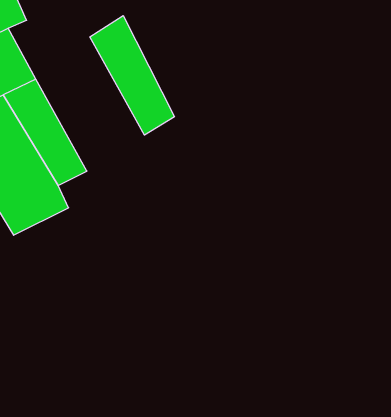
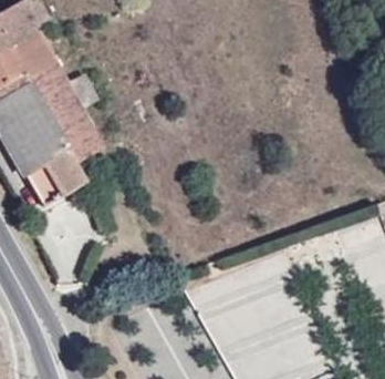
building: [90,16,174,135] -> none

